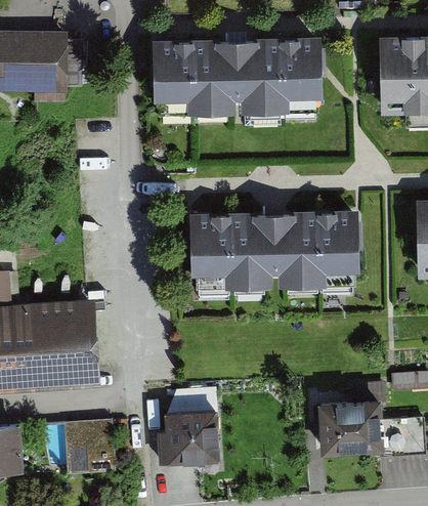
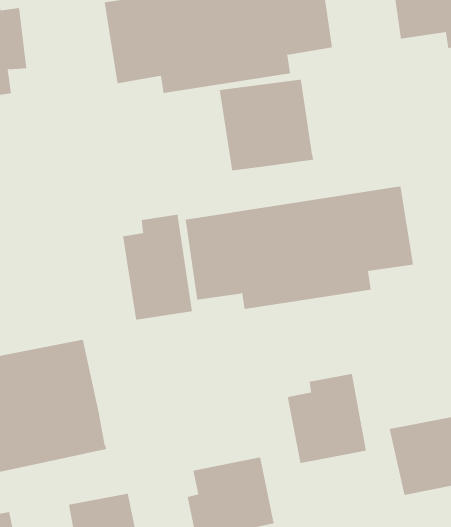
building: none -> [219,79,314,171]
building: none -> [123,214,193,321]
building: none -> [287,373,367,464]

